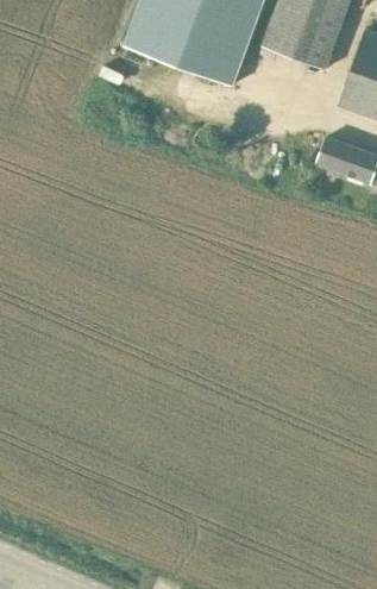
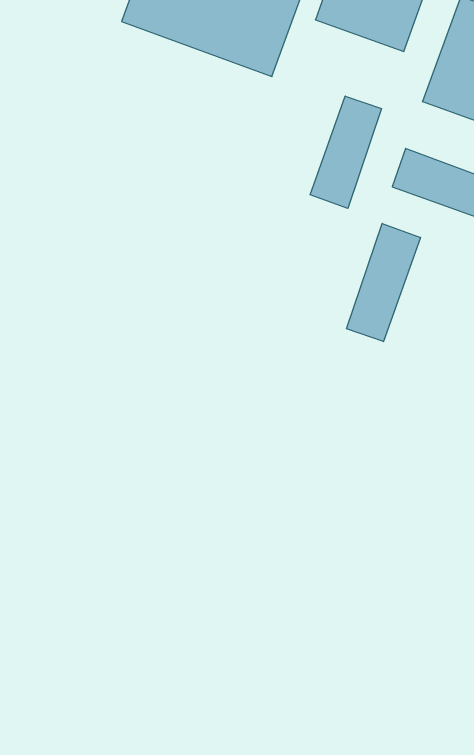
building: none -> [310,96,382,208]
building: none -> [346,223,420,342]

